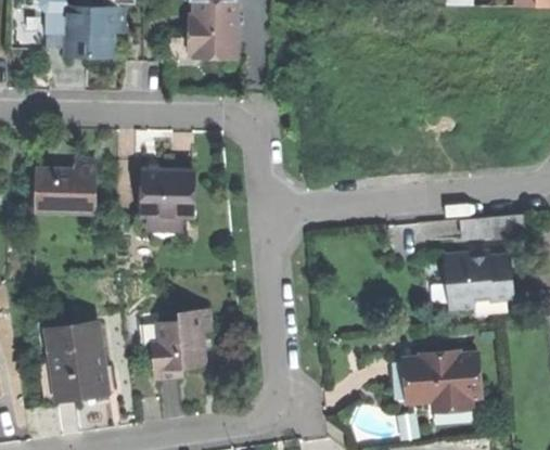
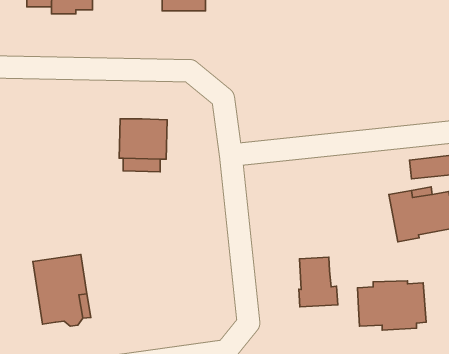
building: [36,159,94,213] -> none
building: [152,309,209,377] -> none
building: none -> [299,257,338,307]

